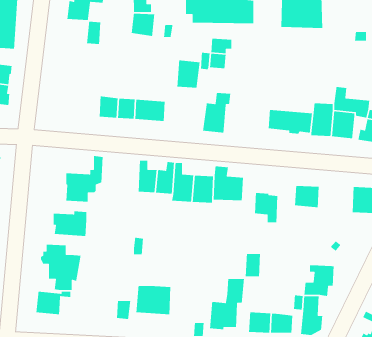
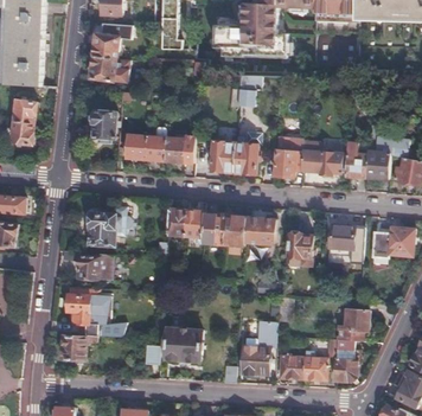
building: [131,13,155,37] -> [90,56,115,81]
building: [176,60,200,88] -> [211,141,236,171]
building: none -> [92,110,119,137]
building: none -> [273,139,302,175]

